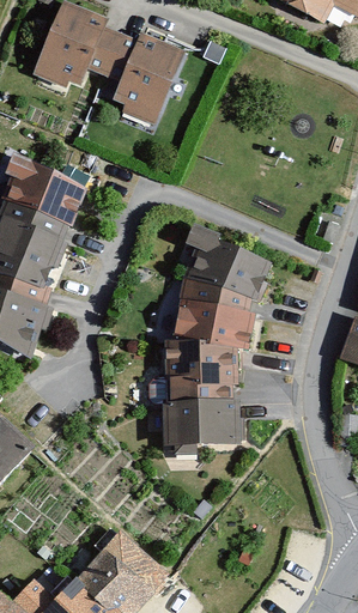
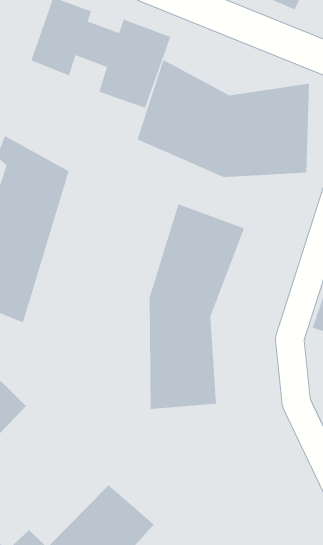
building: none -> [137,59,309,178]

